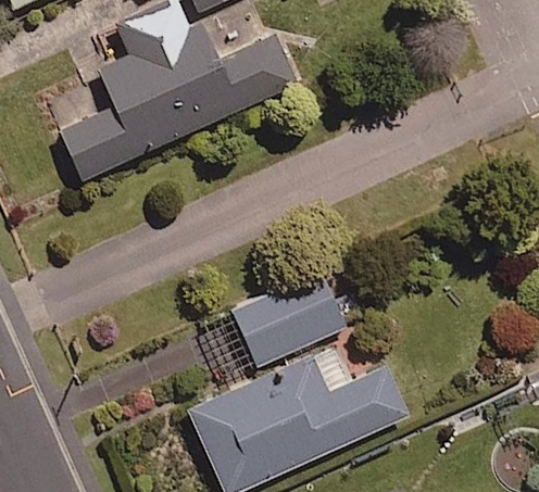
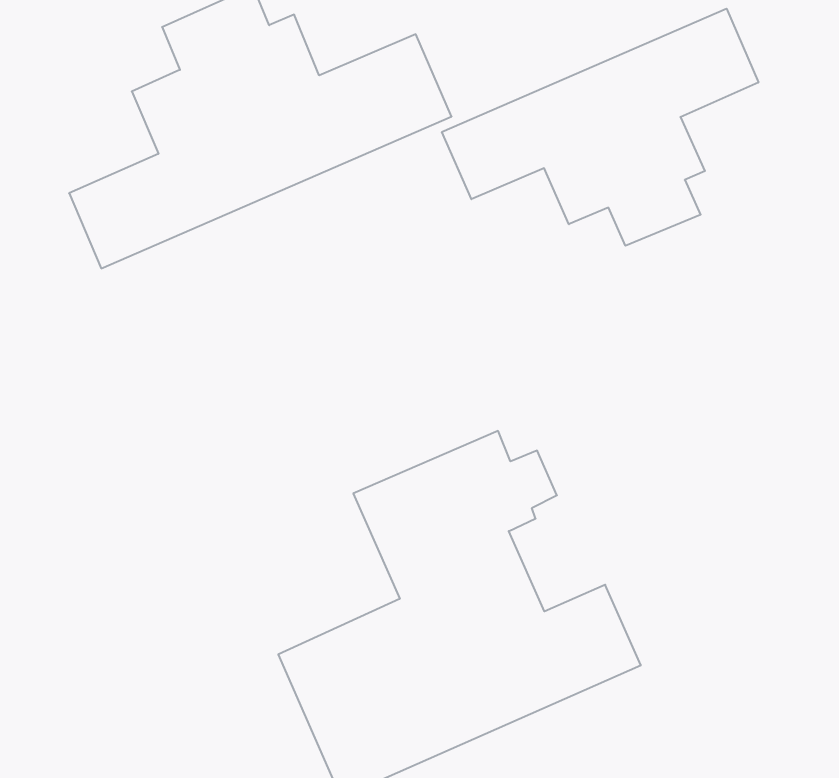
building: none -> [442,9,758,246]

